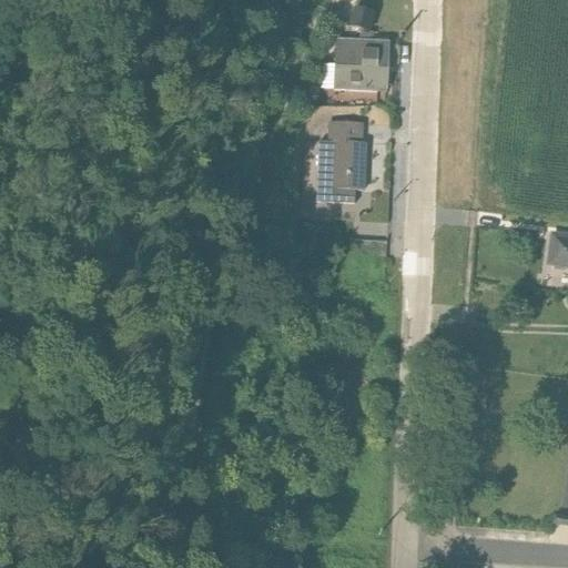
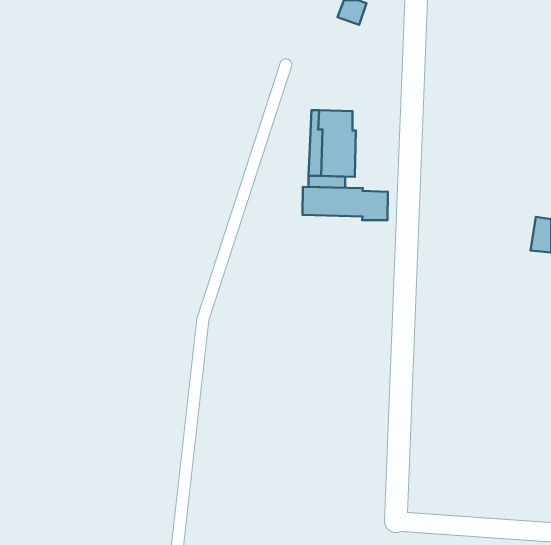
building: [334,36,390,91] -> none
building: none -> [302,187,388,220]

